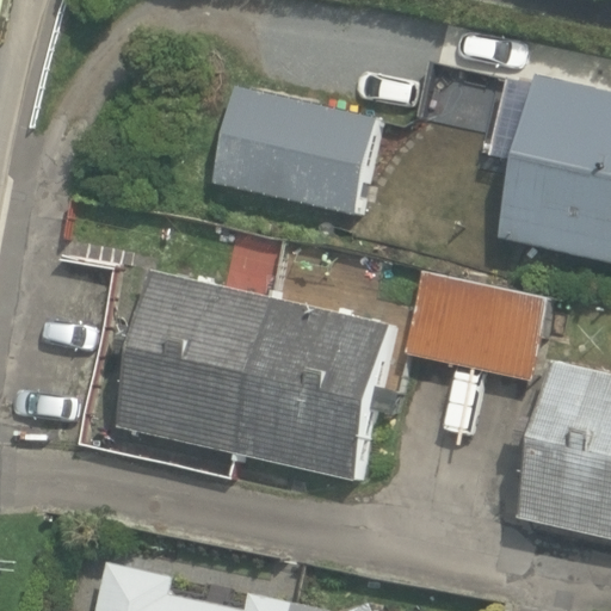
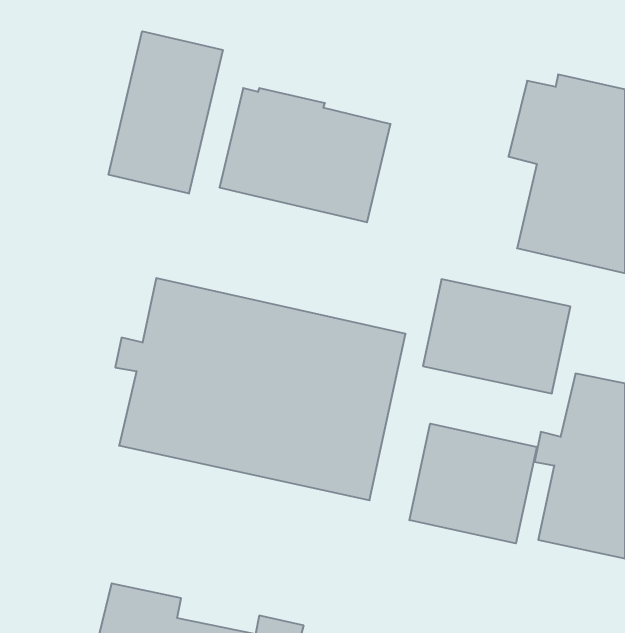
building: none -> [109,31,223,194]
building: none -> [409,424,537,543]

